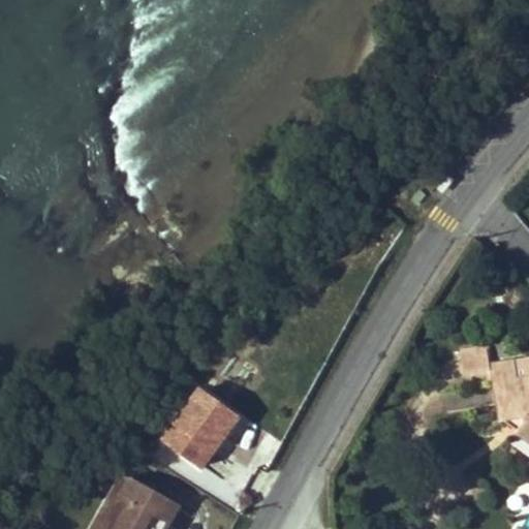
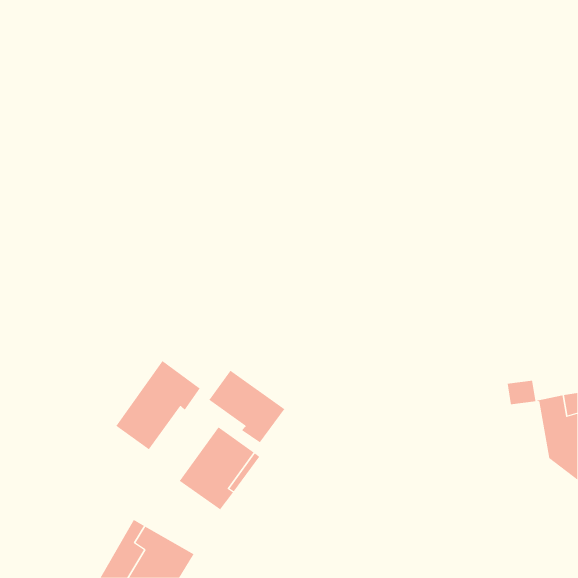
building: none -> [116,360,201,450]
building: none -> [209,370,285,443]

